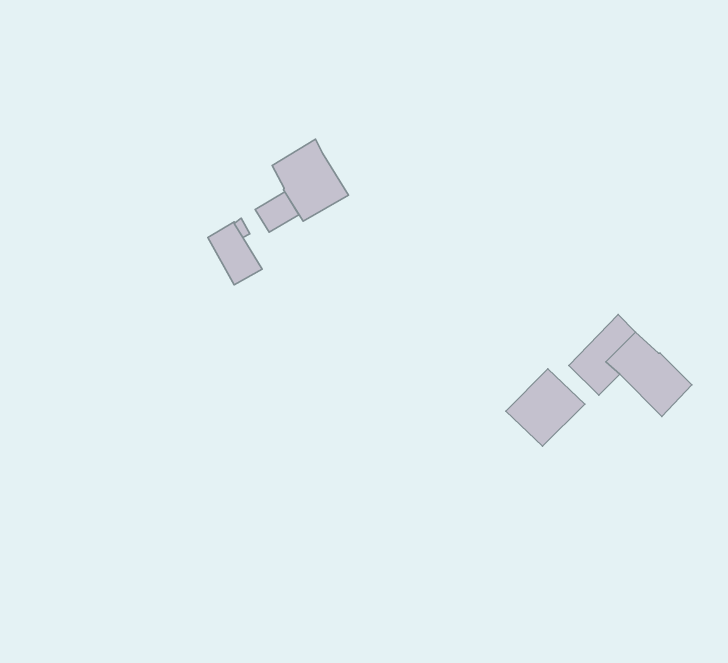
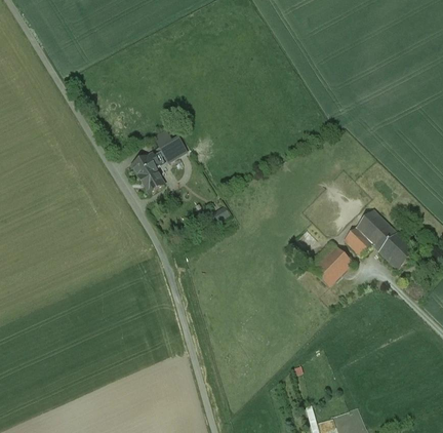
building: [272,139,348,221] -> none

